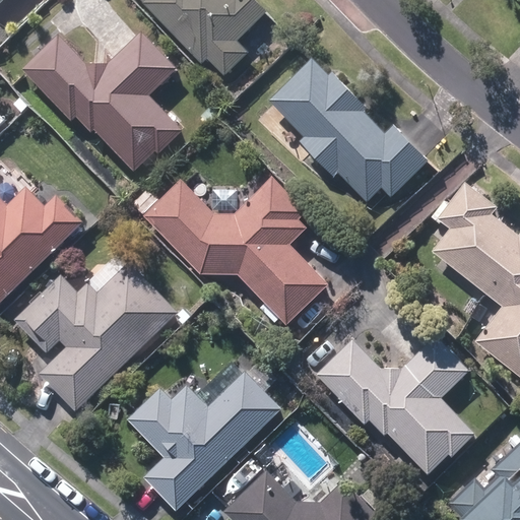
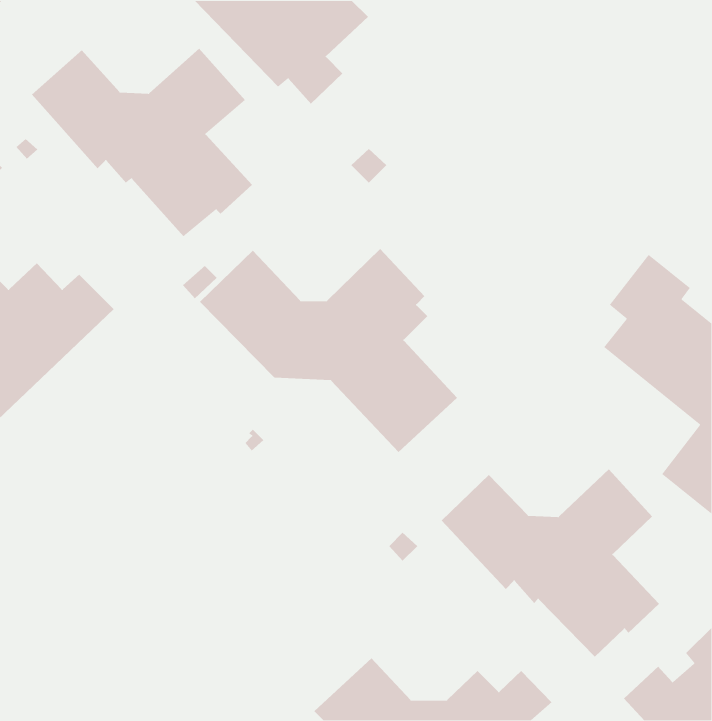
building: [269,60,427,201] -> none
building: [15,256,177,410] -> none
building: [129,373,280,511] -> none

